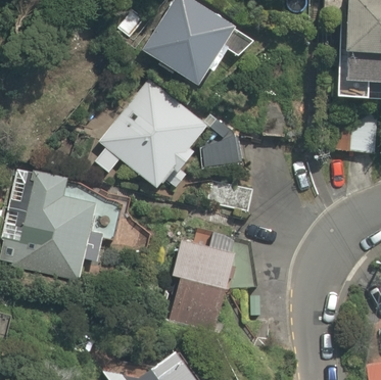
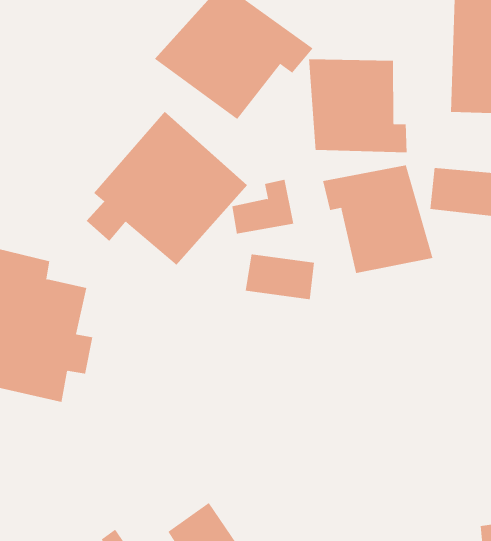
building: none -> [309,58,407,153]
building: none -> [322,165,433,274]
building: [168,234,235,327] -> none

